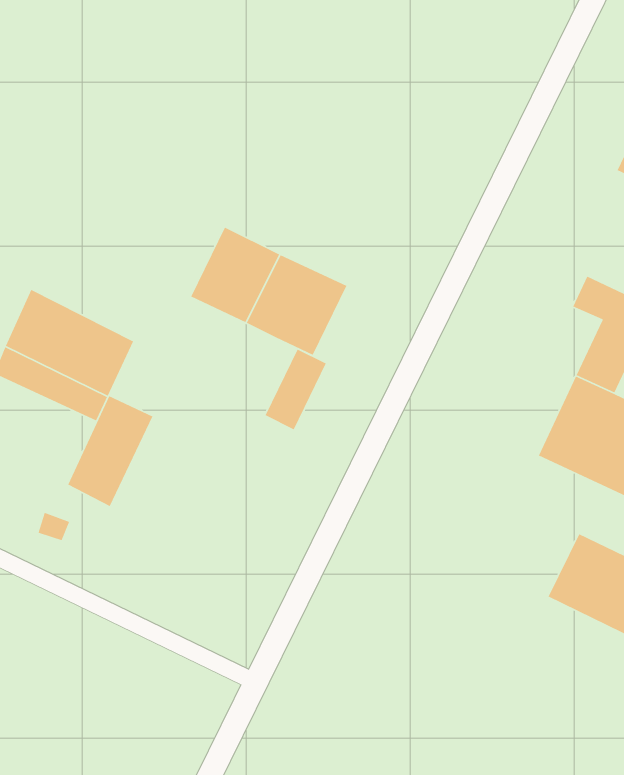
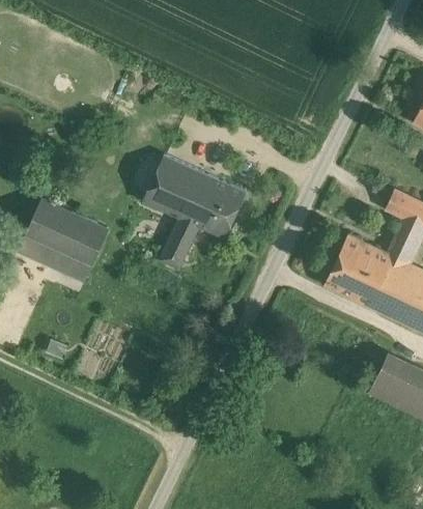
building: none -> [325,234,387,303]
building: [265,348,327,430] -> [158,219,197,271]
building: [67,395,153,507] -> none

